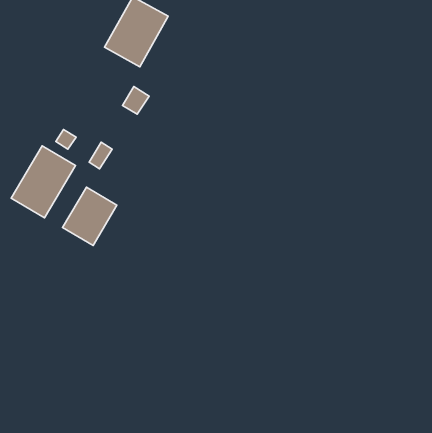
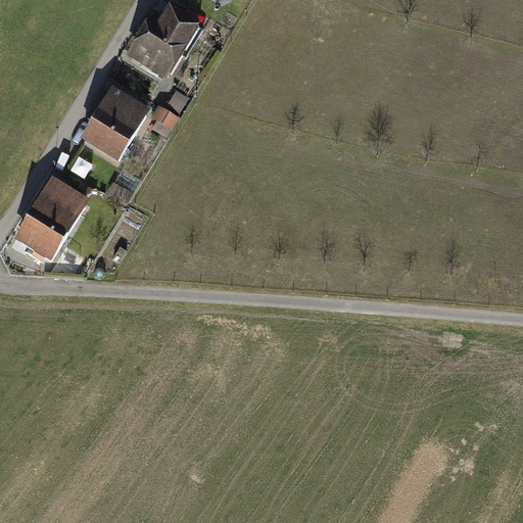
building: none -> [80,84,151,165]
building: [63,187,117,246] -> none

